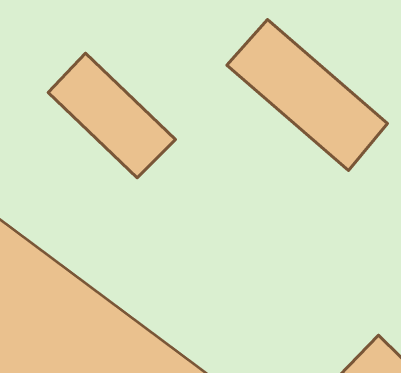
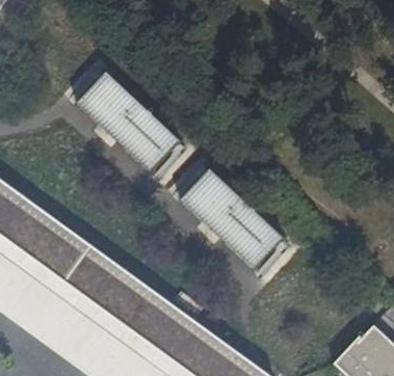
building: [227,19,387,171] -> none
building: none -> [178,165,296,276]

